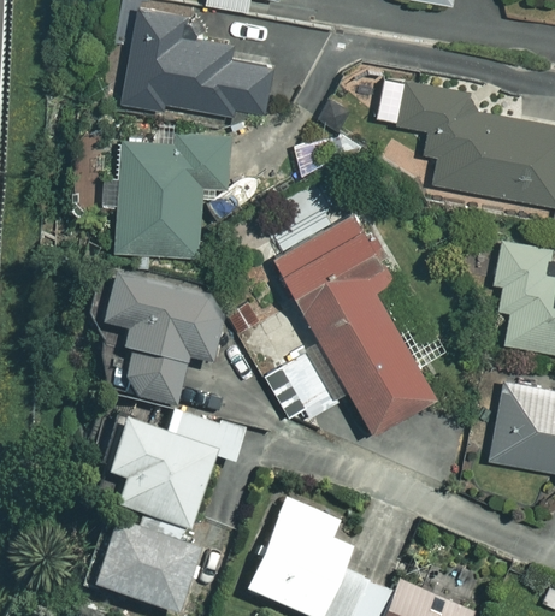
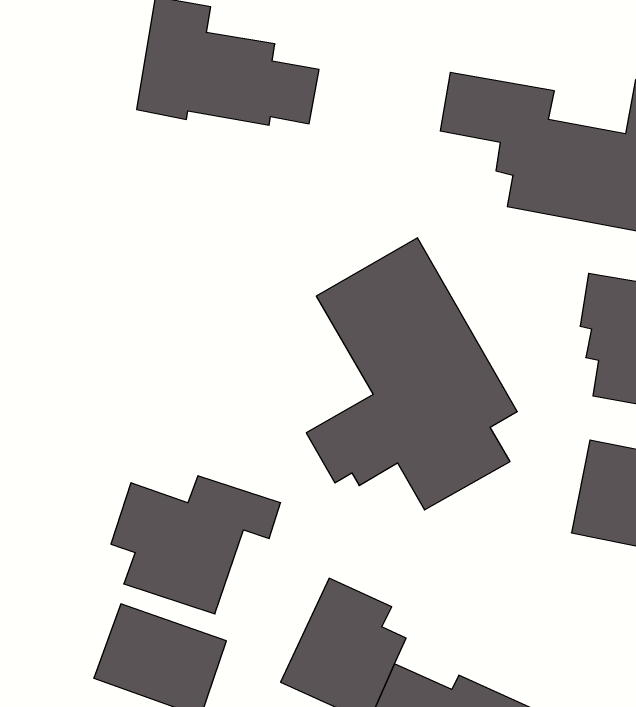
building: [116,135,230,256] -> none
building: [95,273,222,409] -> none

